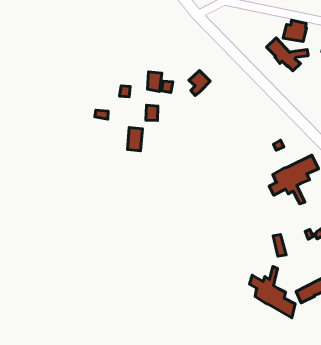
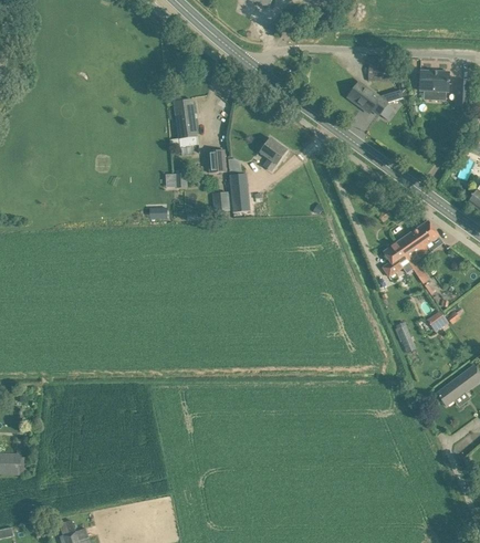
building: none -> [174,100,196,146]
building: [127,127,142,151] -> [229,182,248,211]
building: [250,267,295,318] -> none

